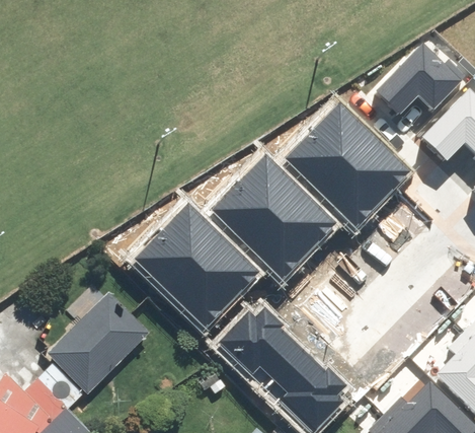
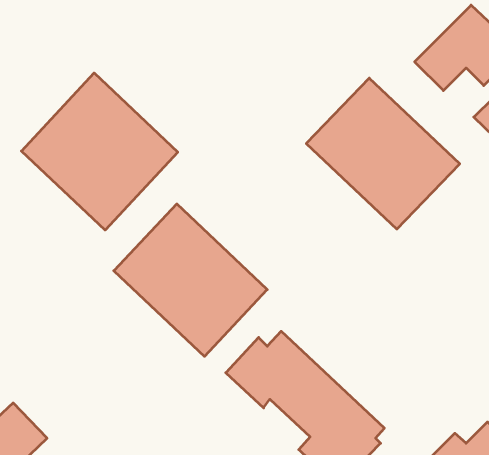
building: none -> [21,73,178,230]
building: [213,160,336,283] -> none
building: [45,292,148,395] -> none

